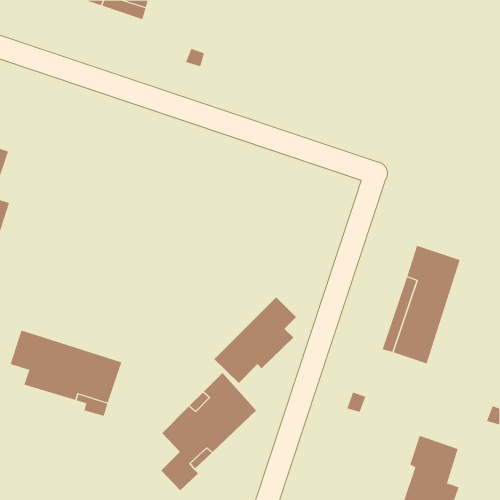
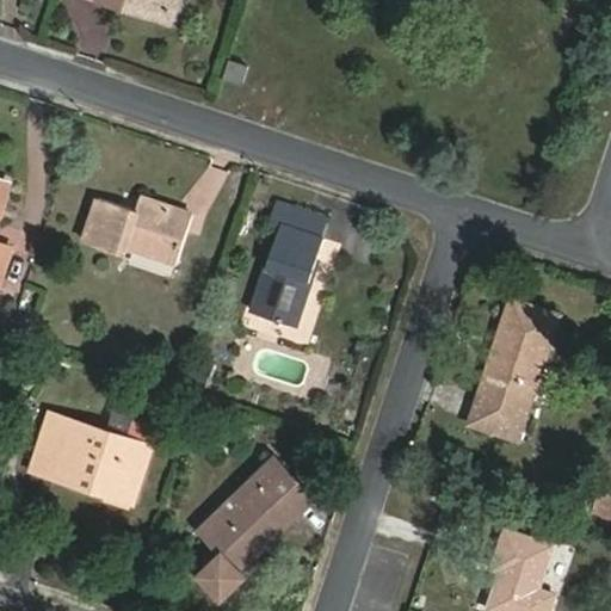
building: none -> [80,197,196,266]
building: none -> [251,200,331,329]
building: [214,296,297,384] -> none

